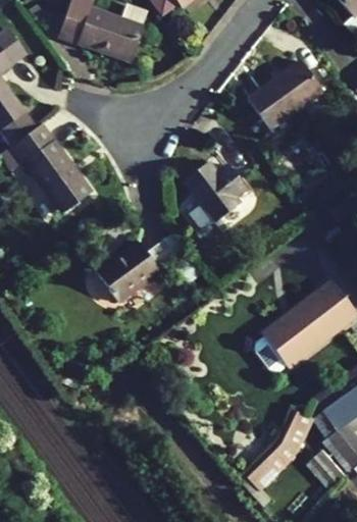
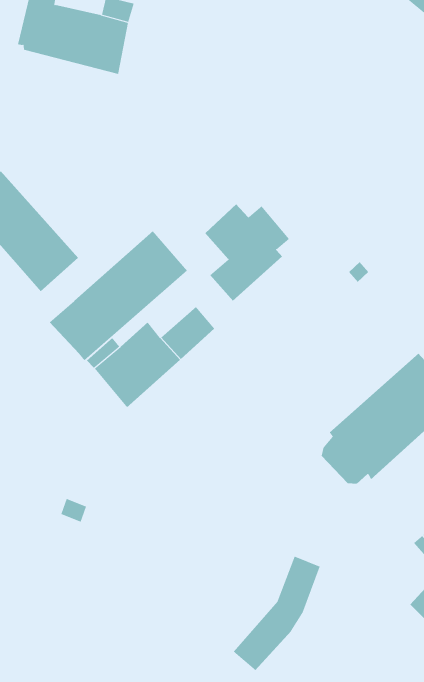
building: [247,61,322,129] -> none
building: none -> [49,231,188,361]
building: [244,410,312,490] -> [233,556,321,671]

